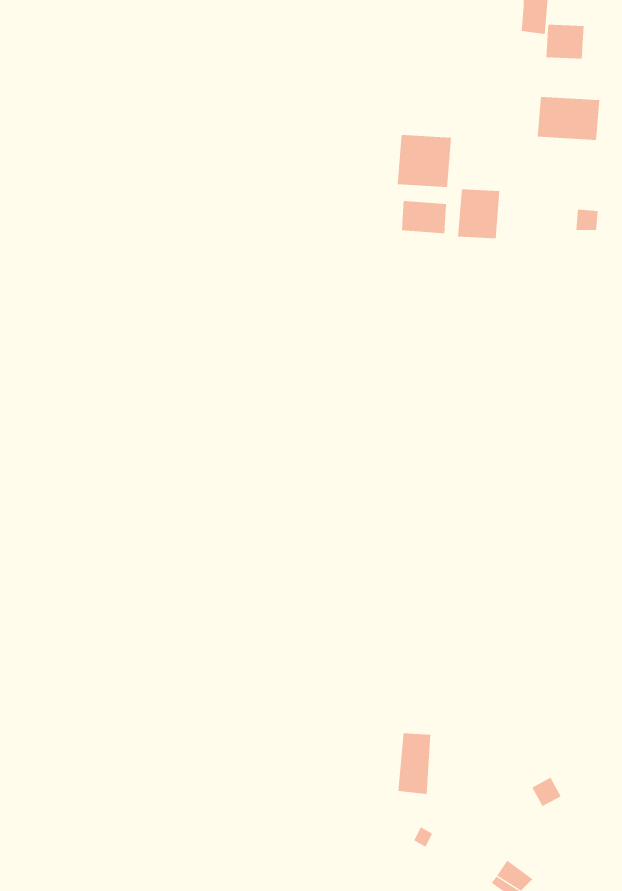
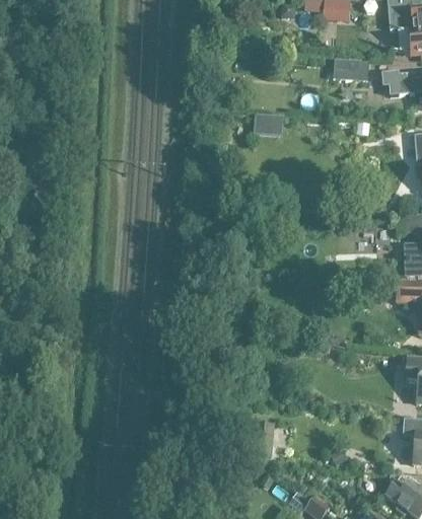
building: [397,134,452,188] -> none
building: [458,188,500,239] -> none

